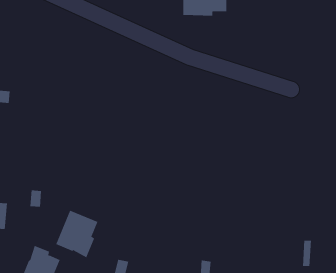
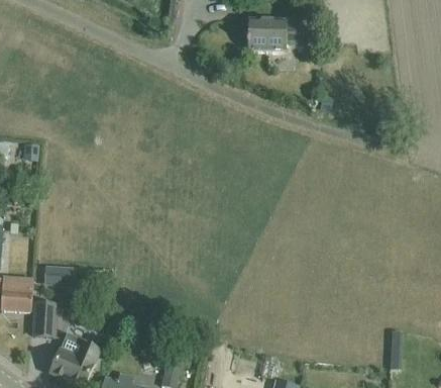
building: [55,210,98,258] -> none
building: none -> [34,303,57,336]

